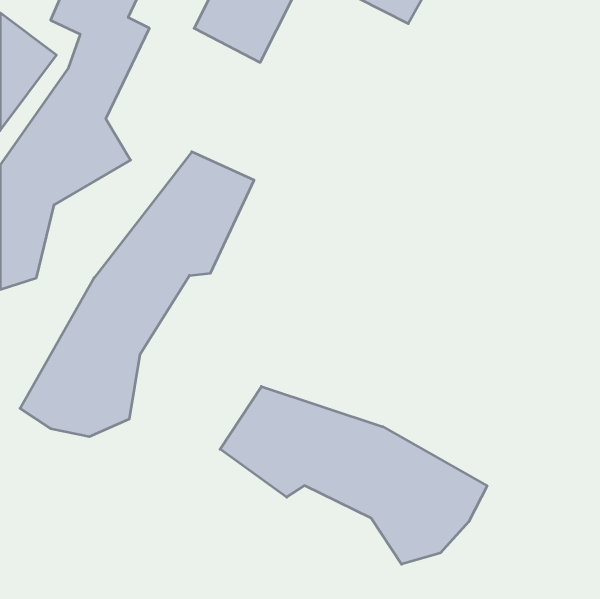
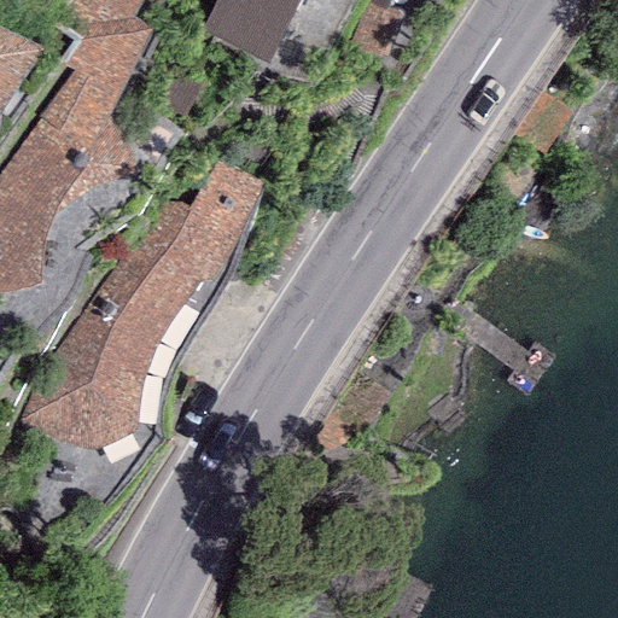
building: [220,386,487,564] -> none

